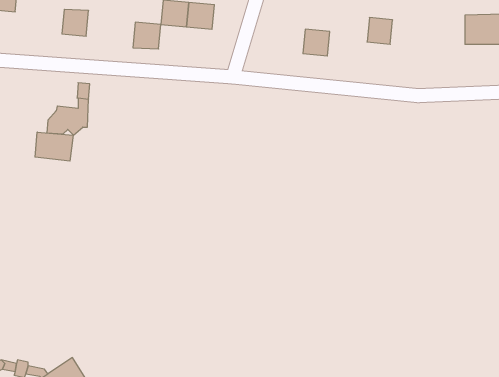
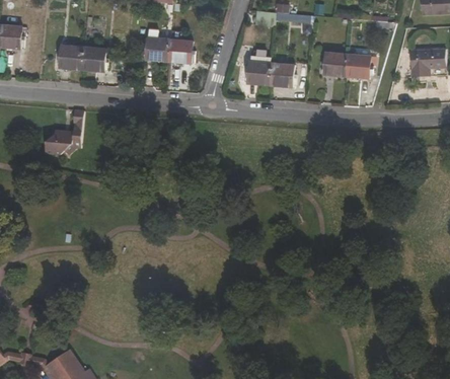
building: none -> [345,55,371,78]
building: [133,22,161,49] -> [80,47,104,70]
building: none -> [246,61,271,84]
building: [35,132,73,161] -> none

